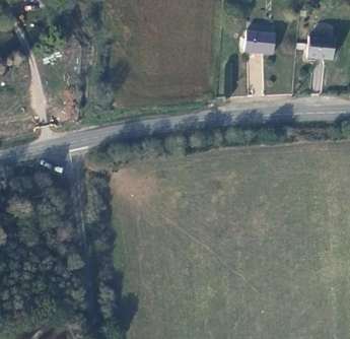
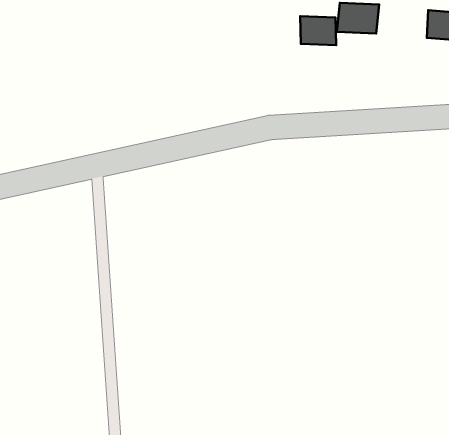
building: none -> [300,16,336,45]

